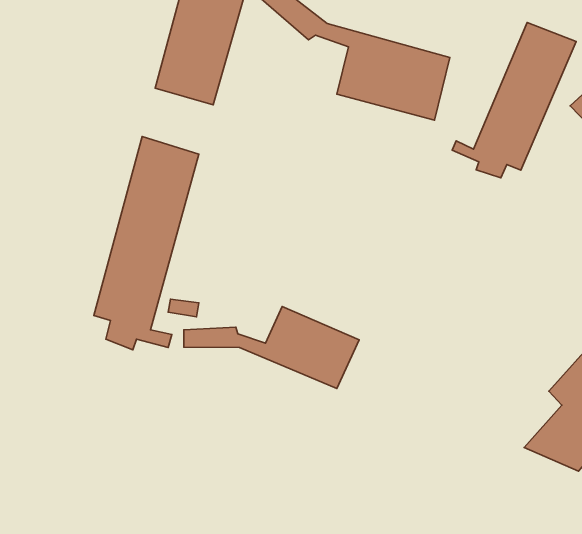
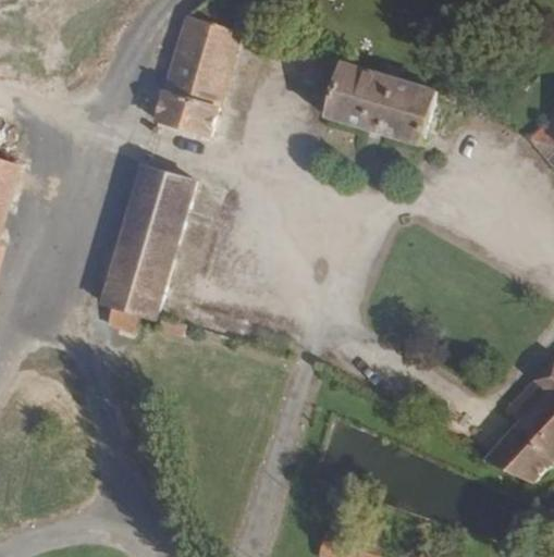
building: [452,22,576,178] -> none
building: [184,306,359,388] -> none

